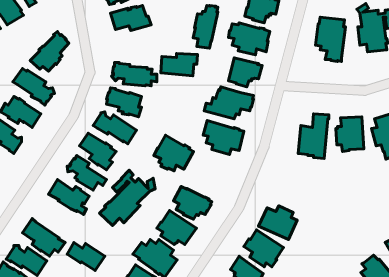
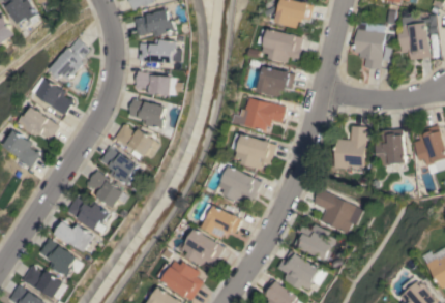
building: [193,6,218,48] -> none
building: [161,53,198,76] -> [139,40,178,64]
building: [154,135,194,171] -> [219,165,262,204]
building: [100,170,155,225] -> none
building: none -> [313,189,355,234]
building: [67,242,105,271] -> [56,222,96,252]

